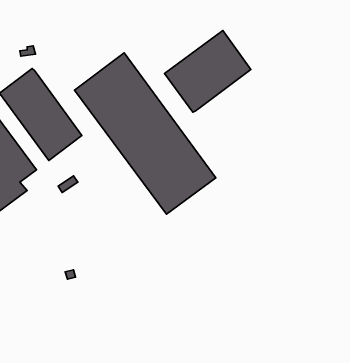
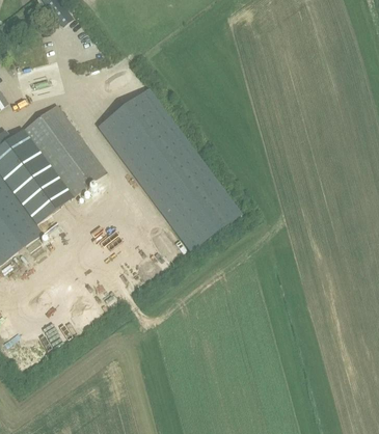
building: [165,31,251,112] -> none

